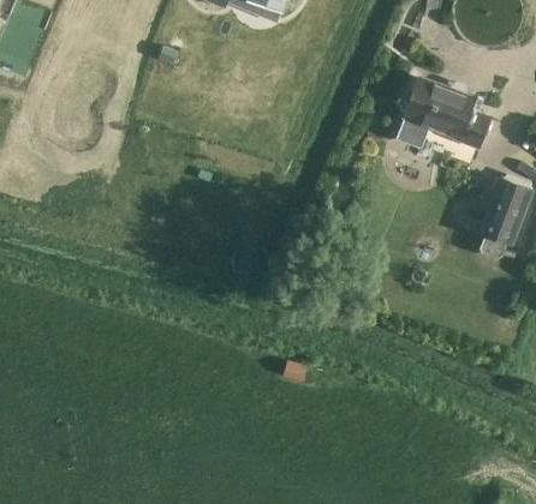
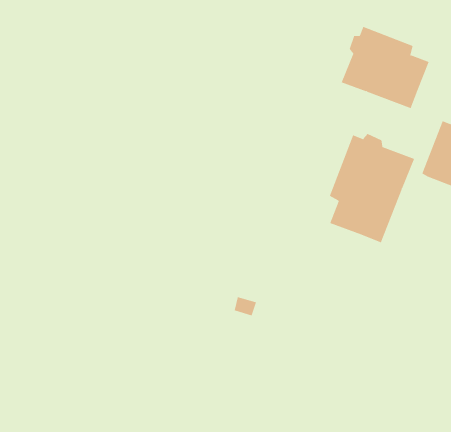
building: none -> [329,133,415,243]

